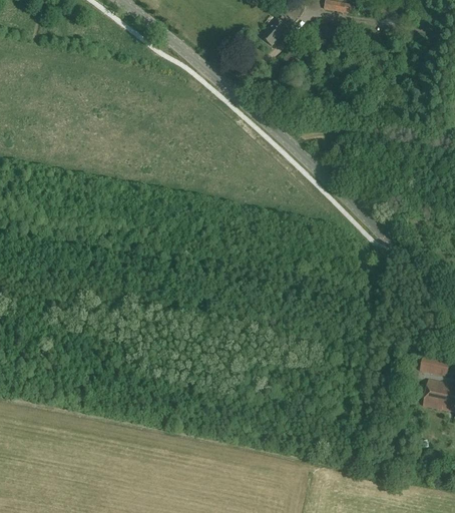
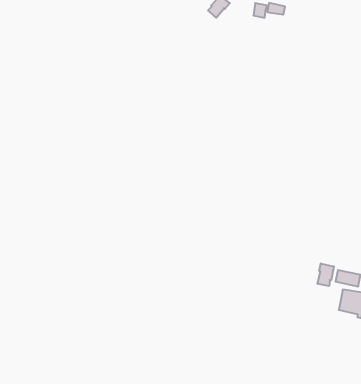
building: none -> [318,263,334,286]

